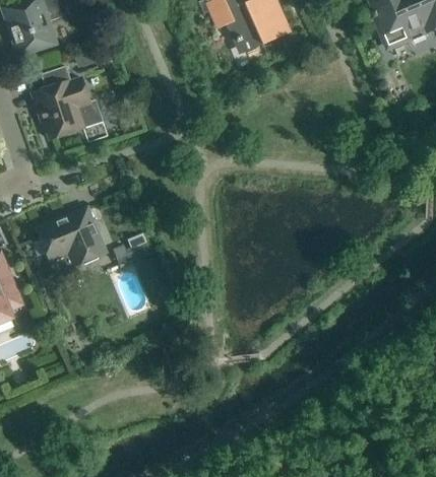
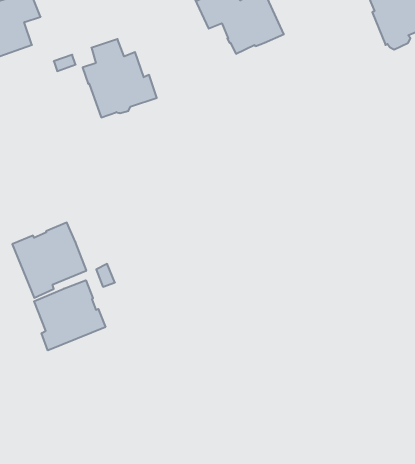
building: [34,66,103,139] -> [83,39,157,117]
building: none -> [34,280,105,350]

